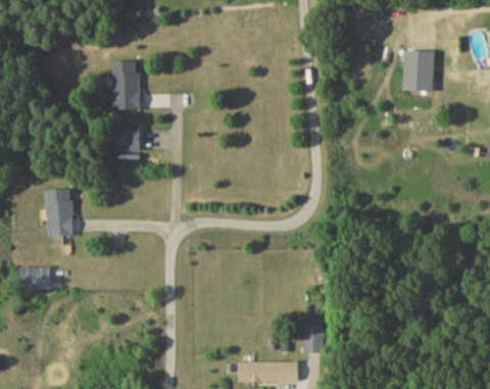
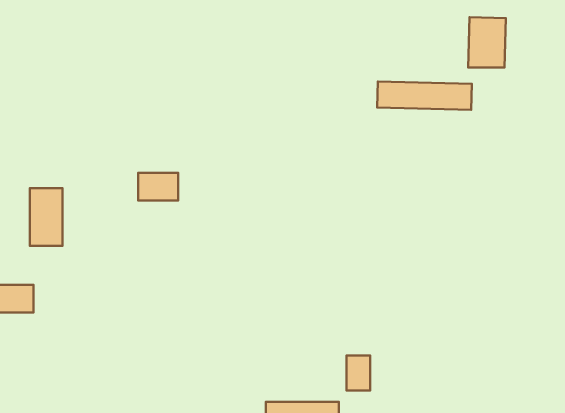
building: [112,61,140,109] -> none
building: none -> [377,82,472,110]
building: [107,128,140,150] -> [138,173,178,200]

